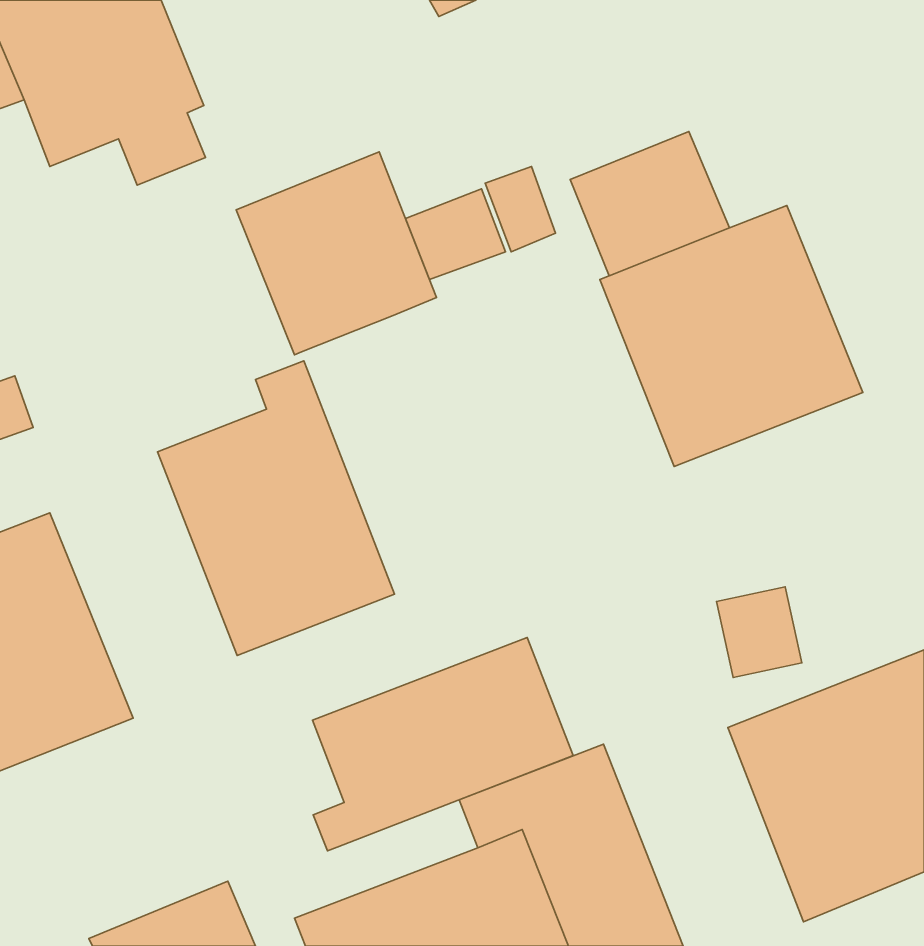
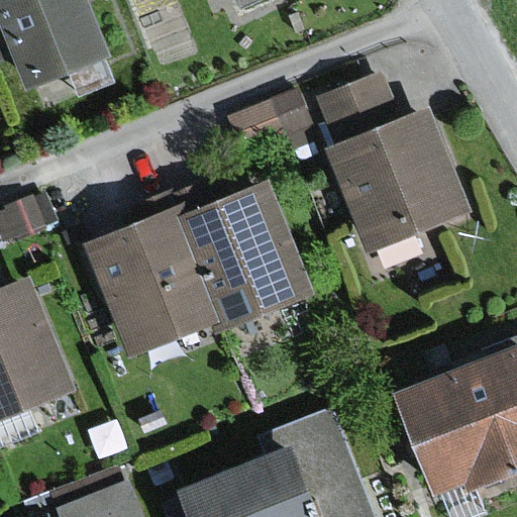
building: [236,152,437,355] -> none
building: none -> [168,184,313,333]
building: [312,637,573,851] -> none

